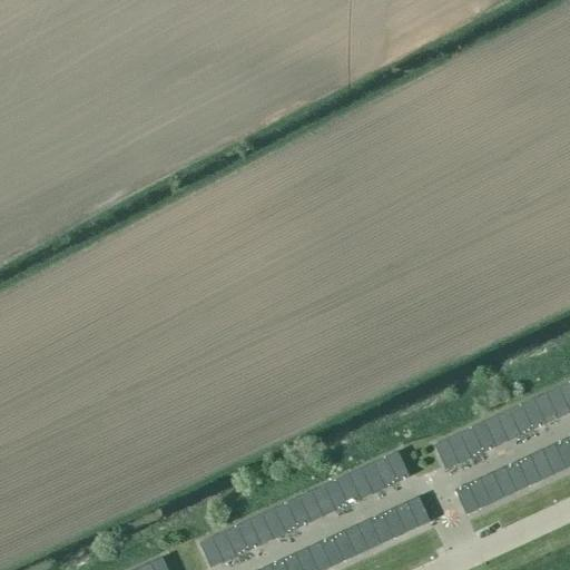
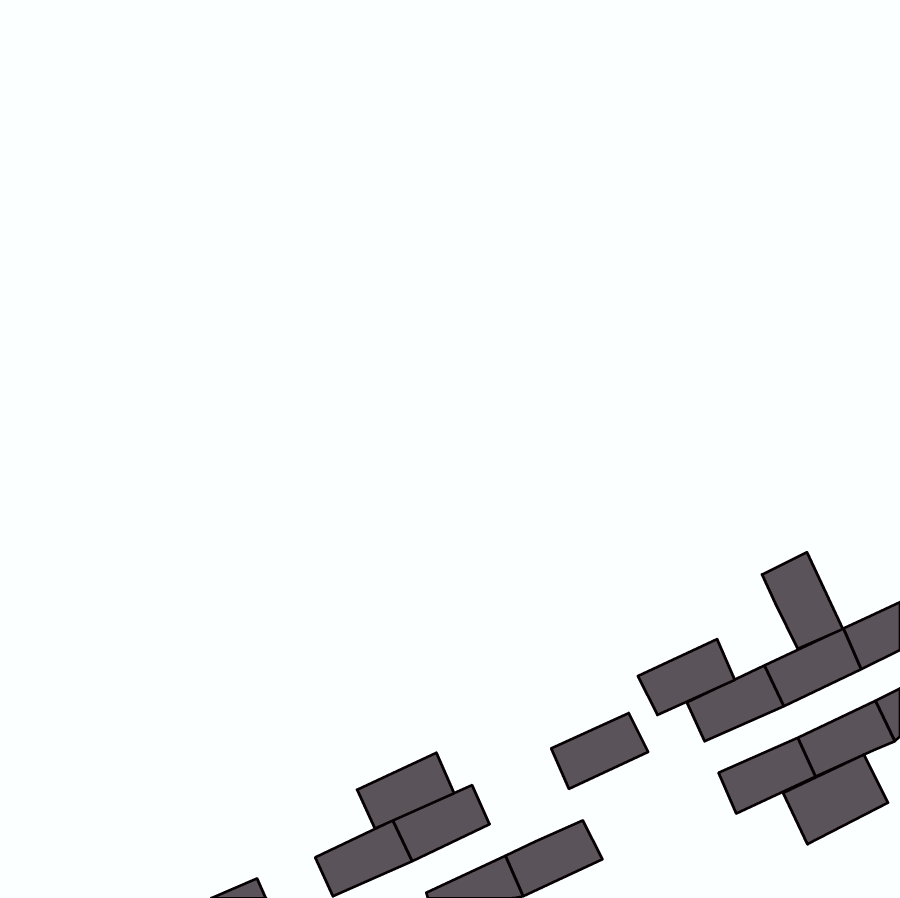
building: none -> [762,552,843,649]
building: [298,473,360,521] -> [357,753,454,829]
building: none -> [783,754,888,844]
building: [368,495,430,543] -> [638,639,735,715]

